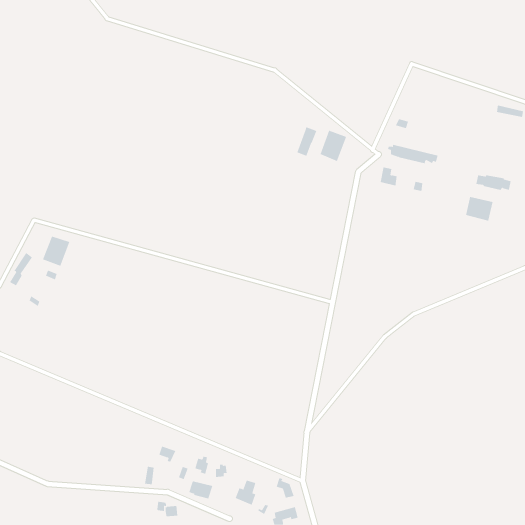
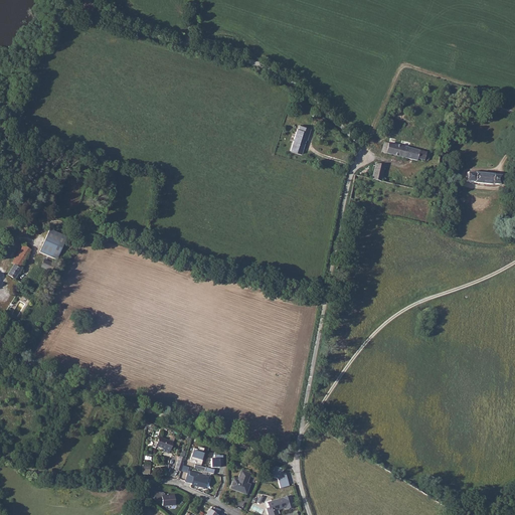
building: [320,130,347,162] -> none
building: [466,196,493,221] -> none

